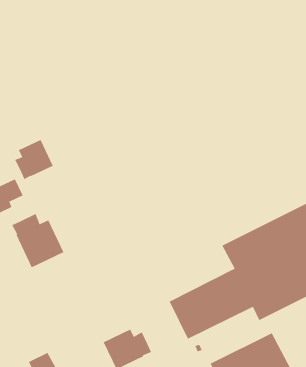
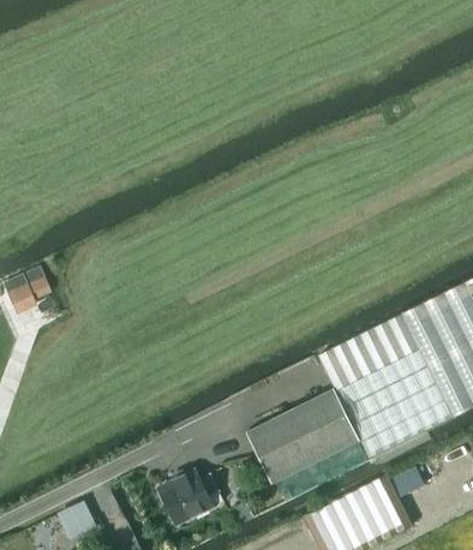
building: [14,139,54,180] -> none
building: [12,213,64,268] -> none

